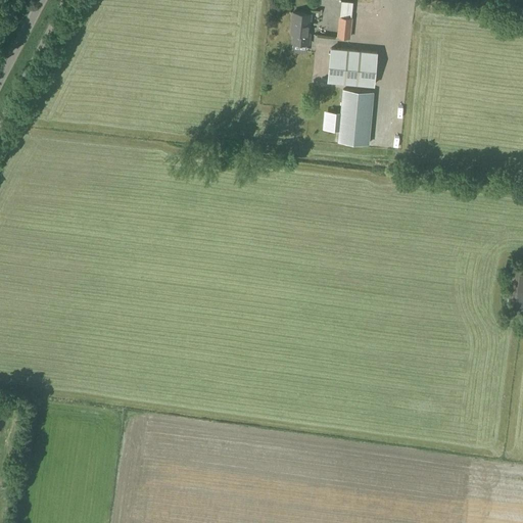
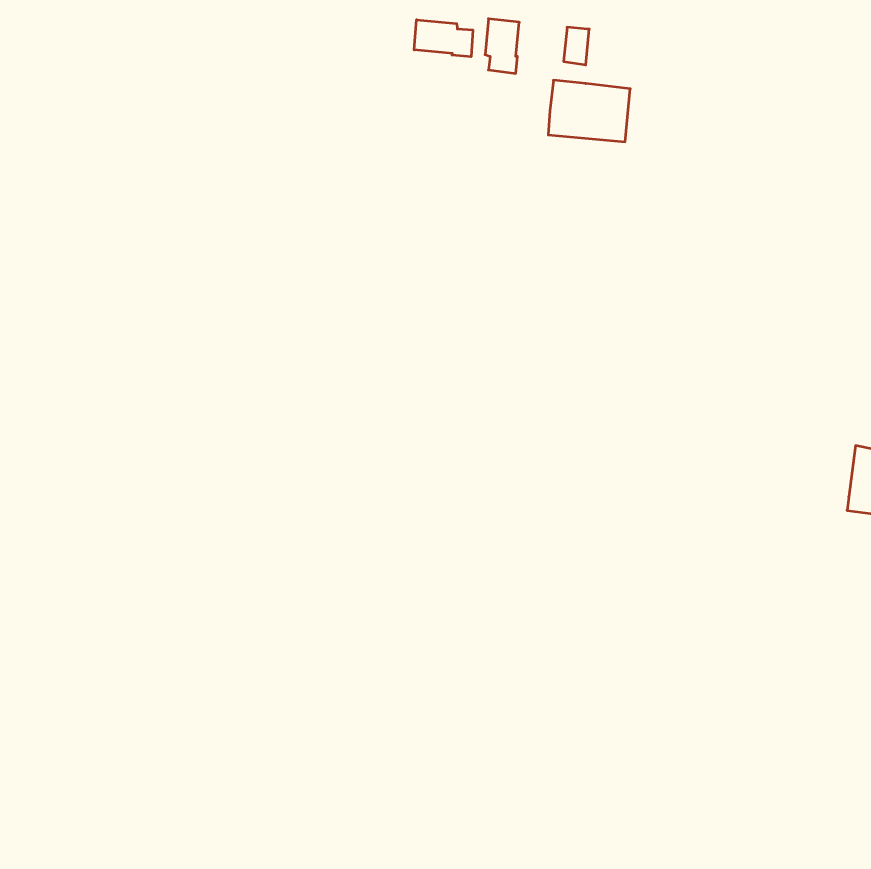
building: none -> [414,20,473,57]
building: [338,91,374,146] -> none

